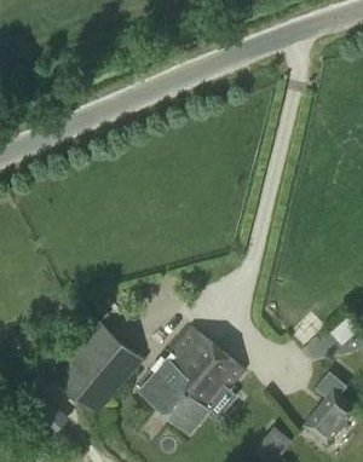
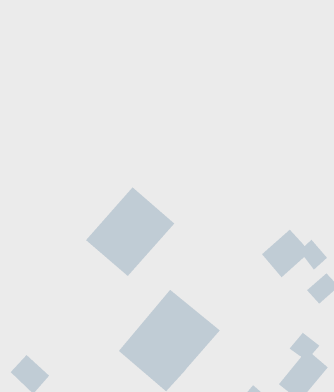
building: none -> [261,229,328,278]
building: [51,324,143,416] -> [85,187,175,277]

